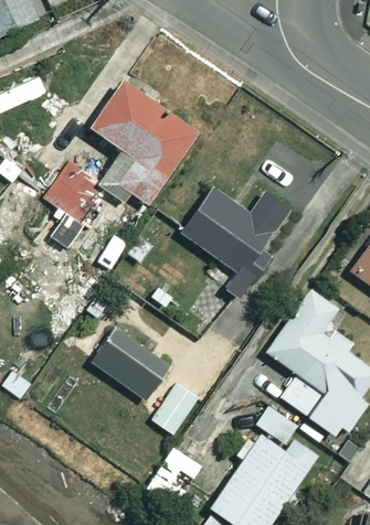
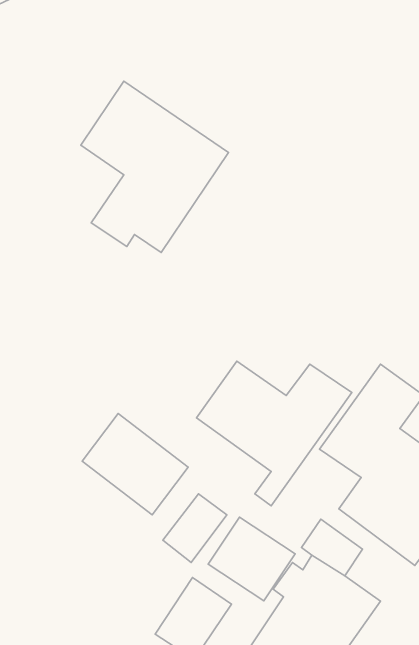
building: [42,163,99,225] -> none
building: [181,190,296,297] -> [197,361,352,506]
building: none -> [208,517,295,601]

